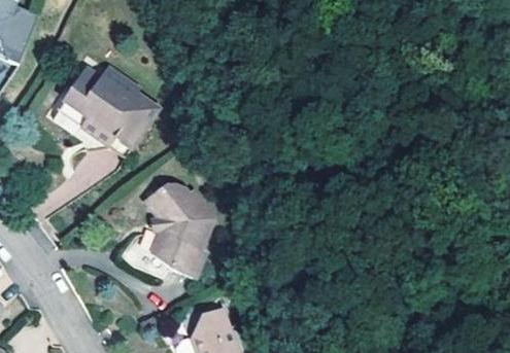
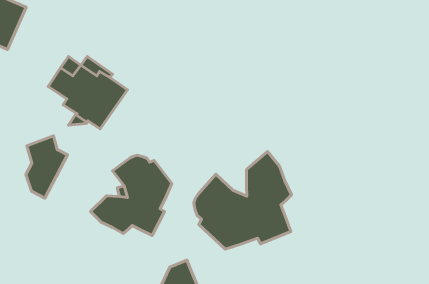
building: none -> [26,136,68,198]
building: none -> [194,152,291,249]

